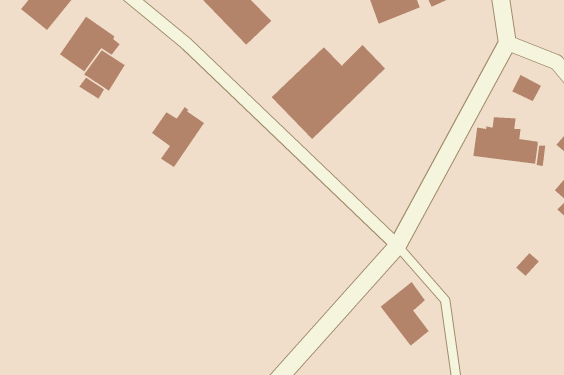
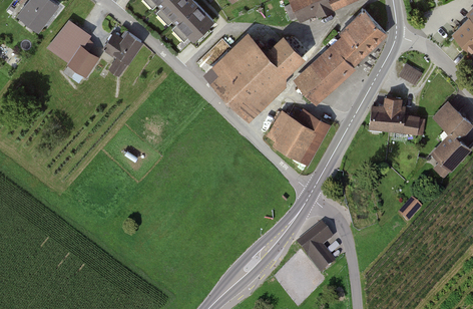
building: none -> [297,11,386,101]
building: [151,106,205,168] -> [101,28,143,76]
building: none -> [266,107,331,165]

